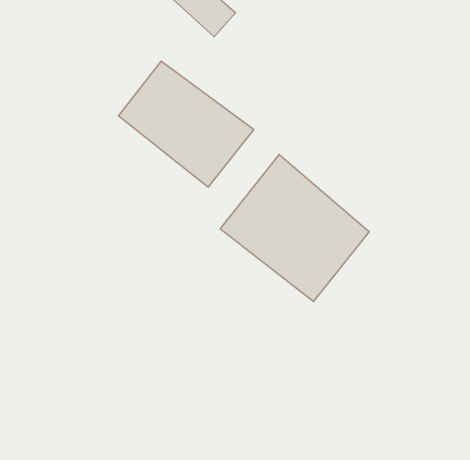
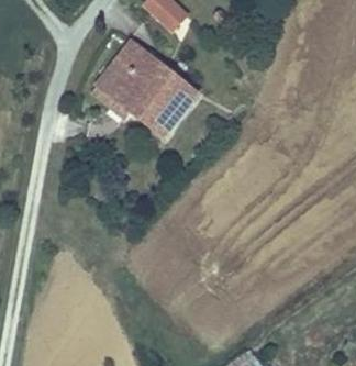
building: [220,154,369,301] -> none

